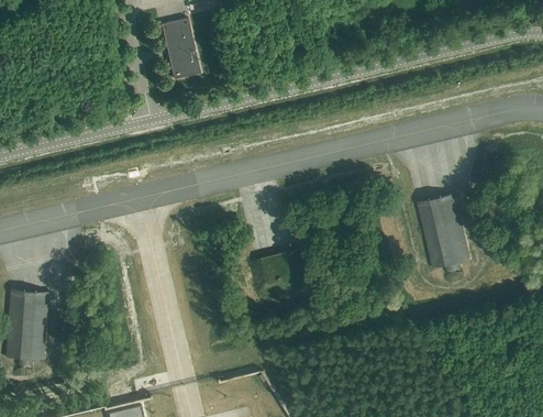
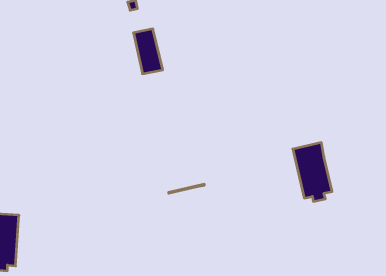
building: [162,18,201,78] -> [133,29,163,74]

